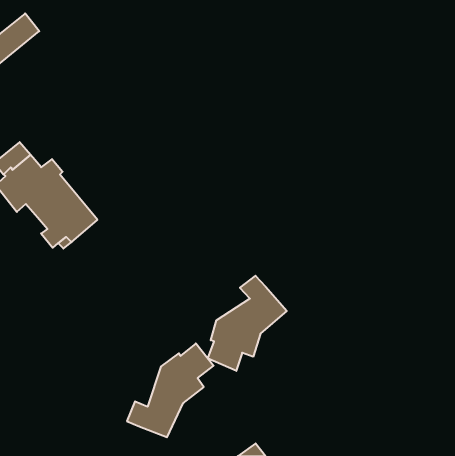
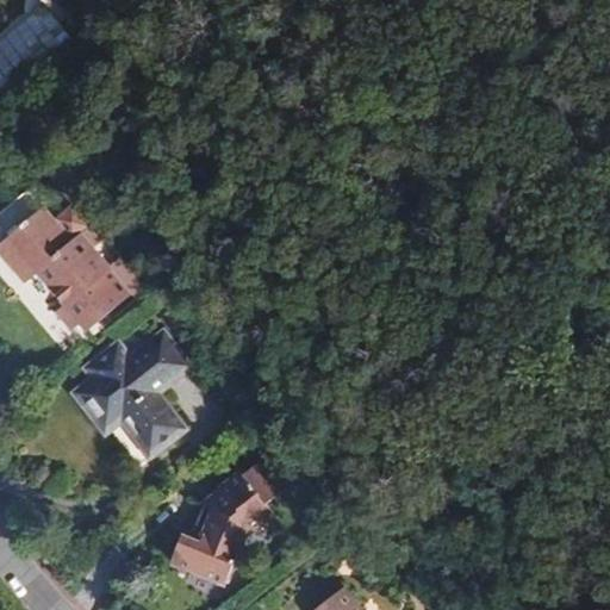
building: none -> [75,332,186,453]
building: [208,276,287,371] -> none

